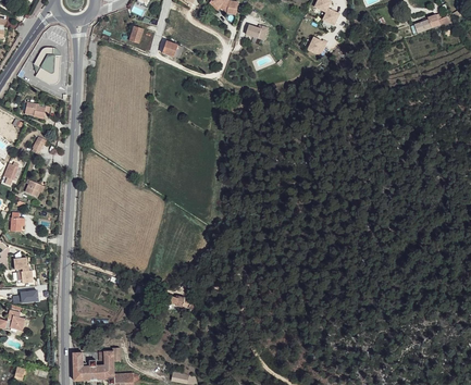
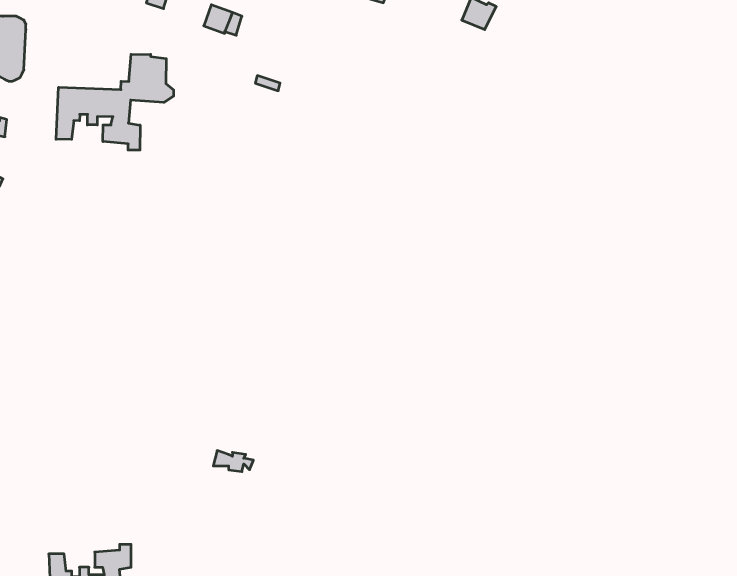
building: none -> [56,54,174,150]

